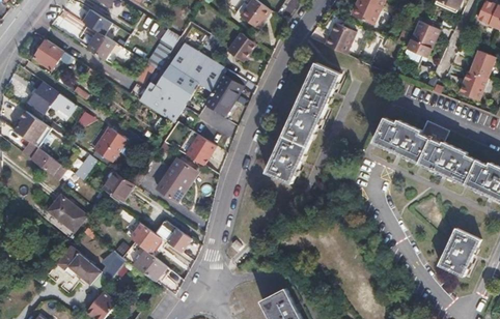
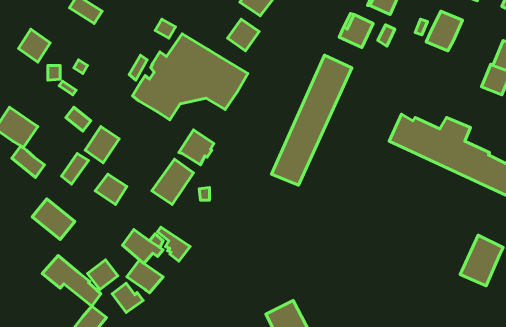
building: [88,33,128,60] -> none
building: [28,83,77,117] -> none
building: none -> [112,283,143,313]

